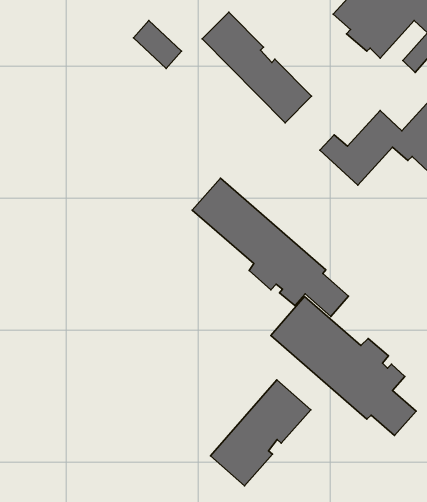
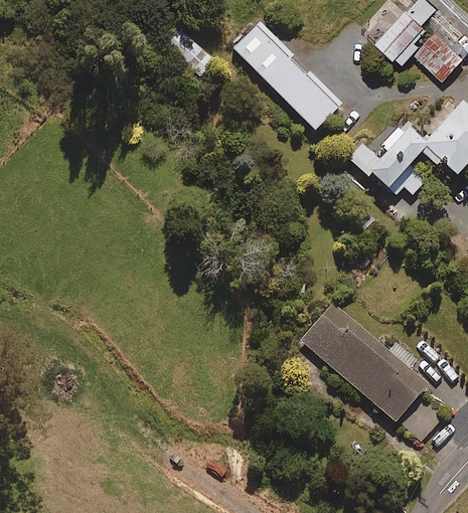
building: [192,178,349,316] -> none
building: [210,380,311,486] -> none

